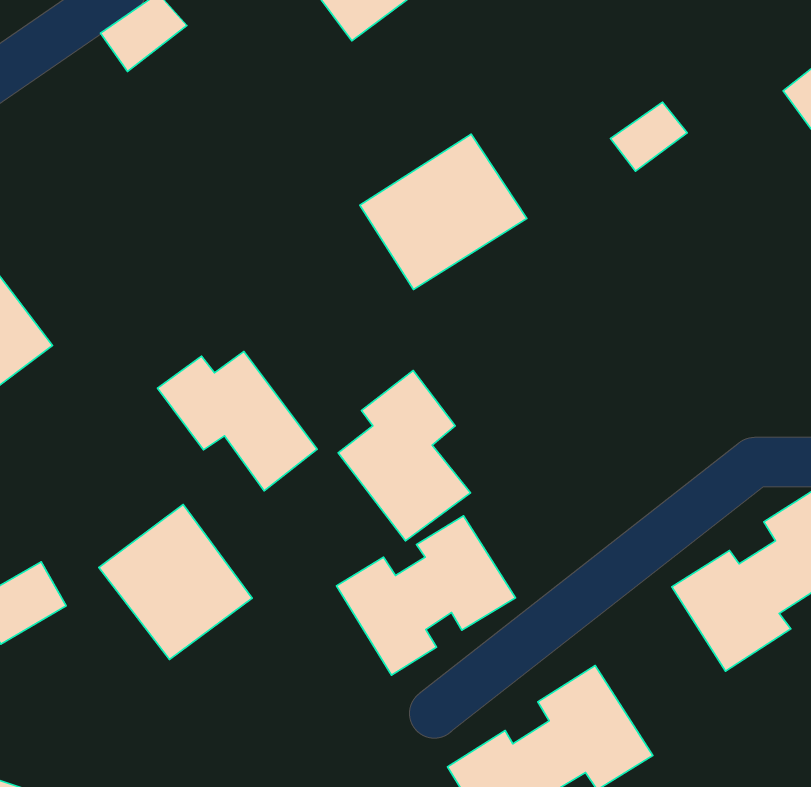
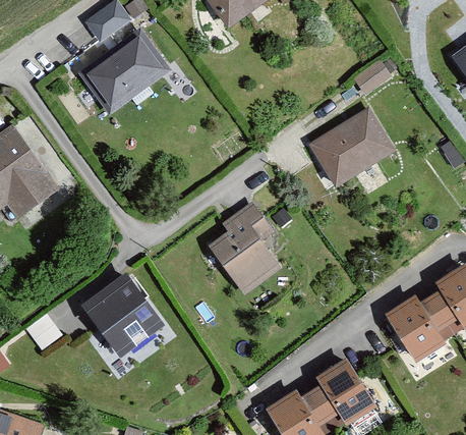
building: none -> [77,31,168,116]
building: [360,134,527,289] -> [306,106,395,188]
building: [157,351,317,491] -> none
building: [337,516,516,675] -> none

